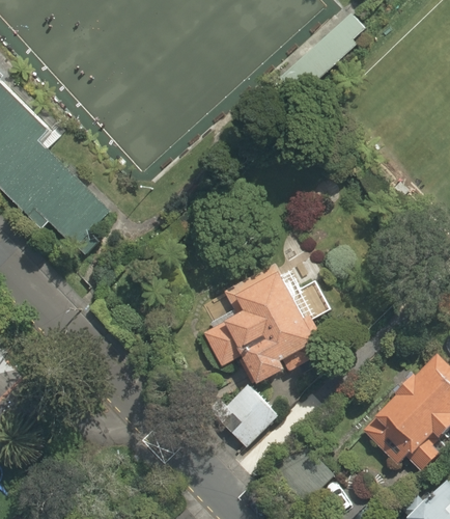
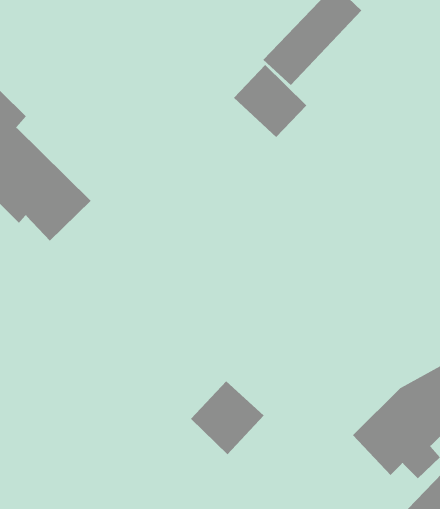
building: none -> [233,64,307,138]
building: [194,258,321,388] -> none

